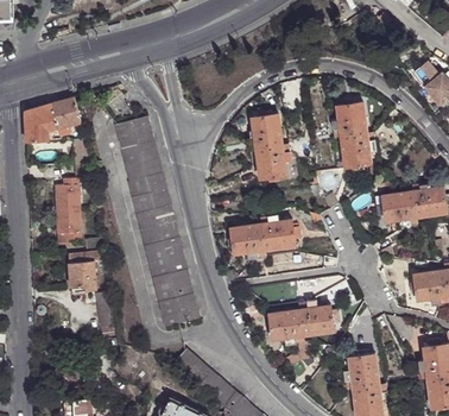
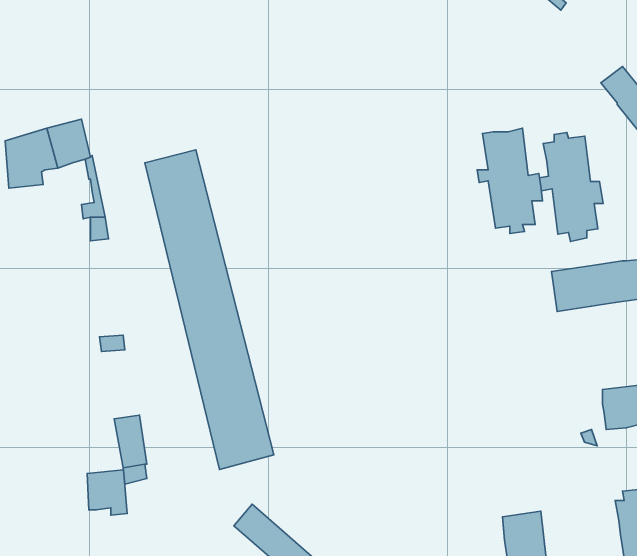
building: [247,112,289,183] -> [540,133,603,242]
building: [53,177,78,241] -> none
building: [227,220,299,253] -> none
building: [68,260,94,290] -> [87,470,127,515]
building: [267,305,336,339] -> none

